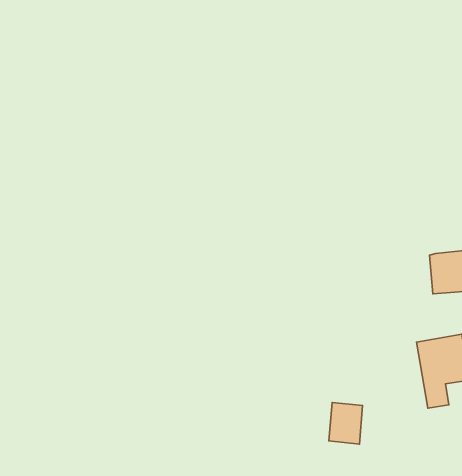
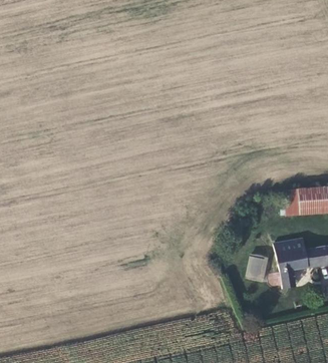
building: [329,402,363,444] -> [248,256,269,282]

